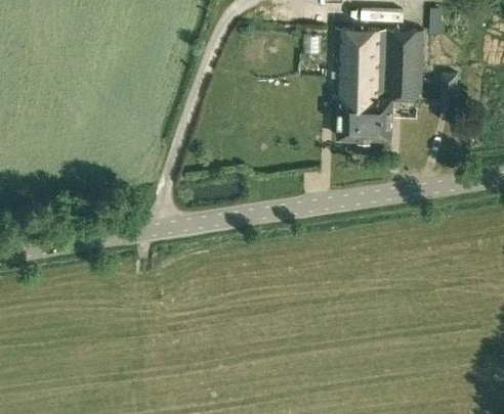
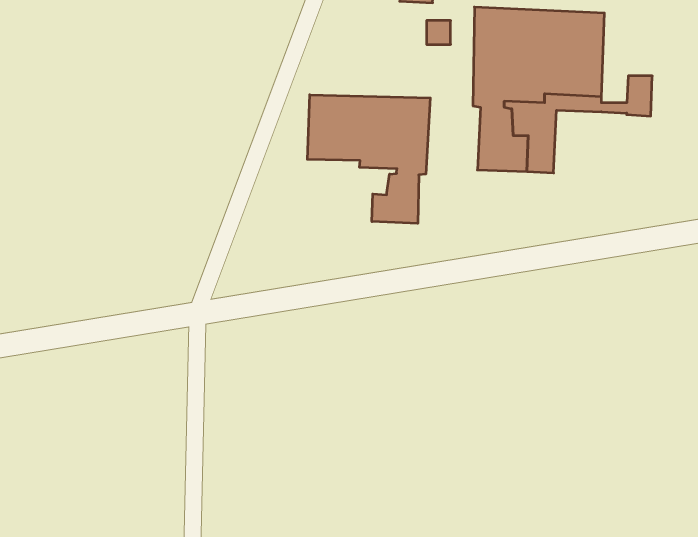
building: none -> [307,95,430,223]

